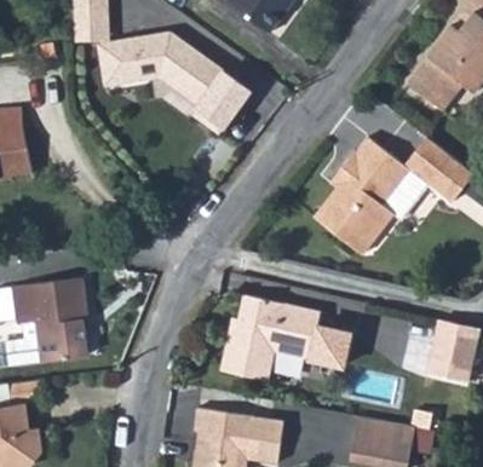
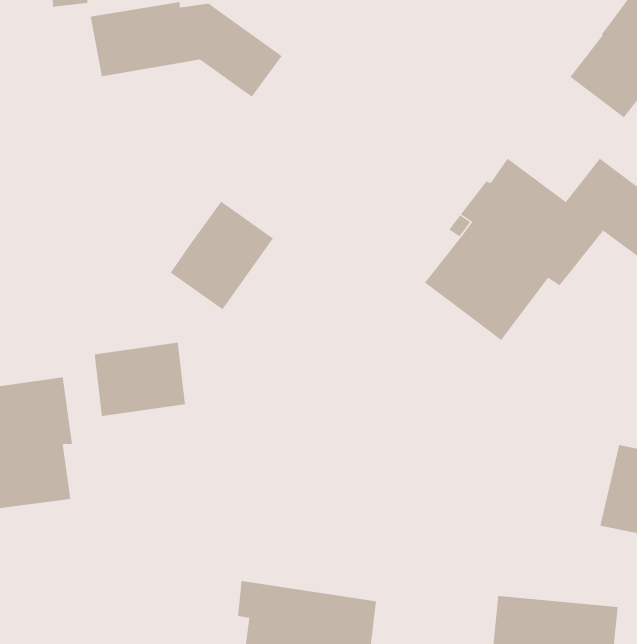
building: [190,70,257,140] -> [170,201,274,310]
building: none -> [94,342,186,417]
building: [220,294,350,380] -> none

